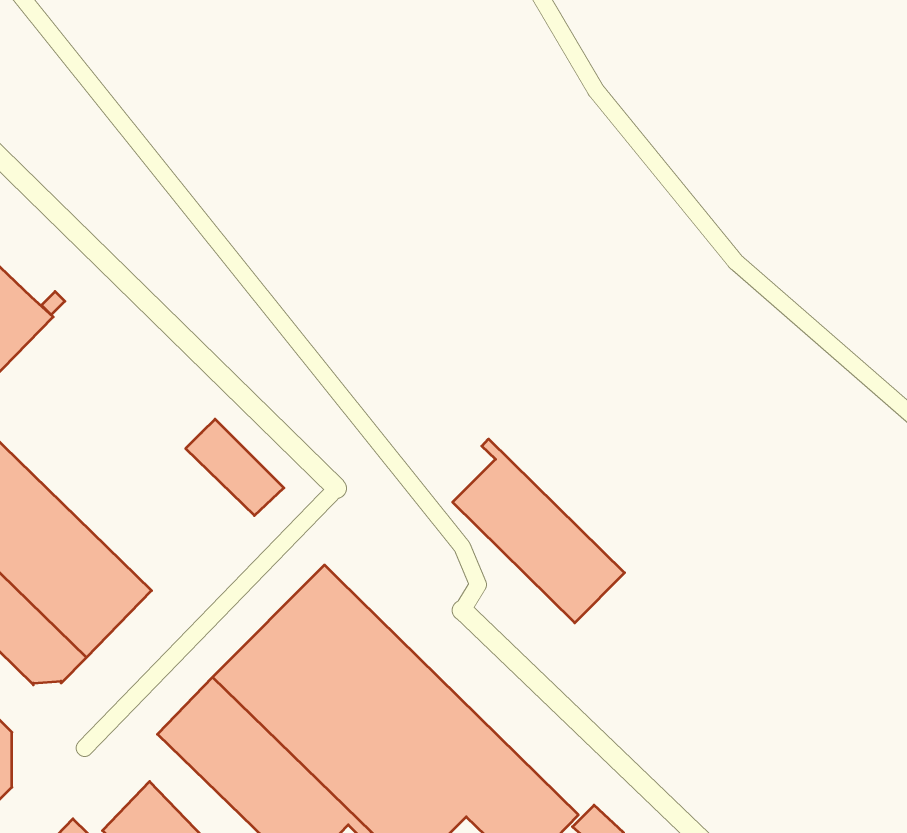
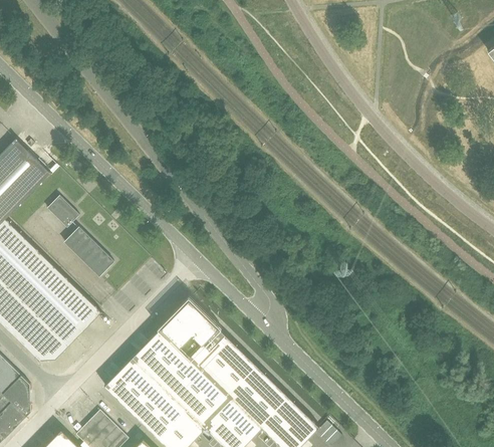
building: none -> [46,196,78,228]
building: [186,419,284,516] -> [63,227,113,276]
building: [453,439,625,623] -> none

